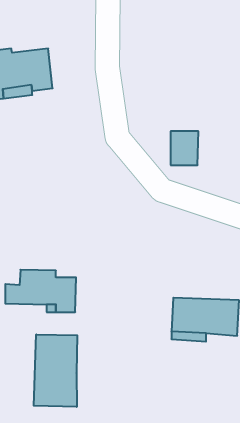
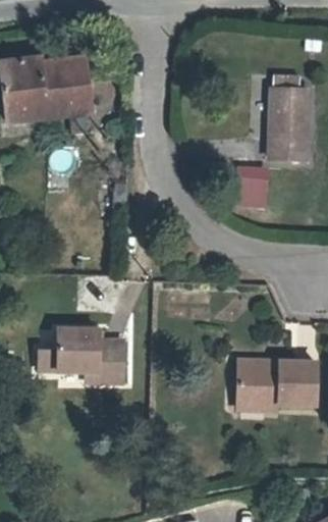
building: none -> [271,66,310,153]
building: [34,334,77,407] -> none

